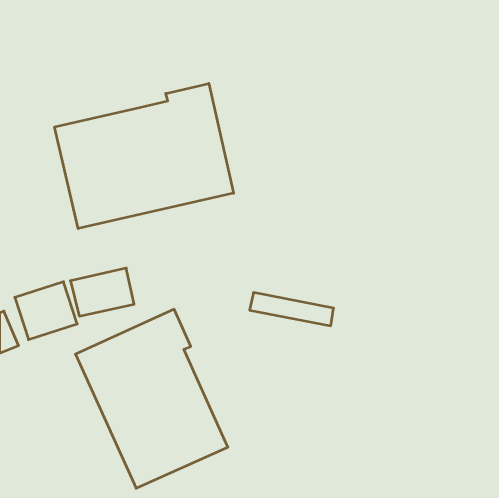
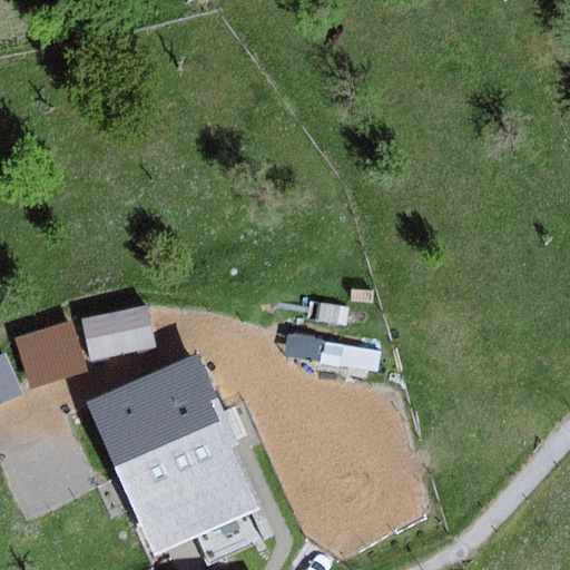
building: [55,83,234,229] -> none

